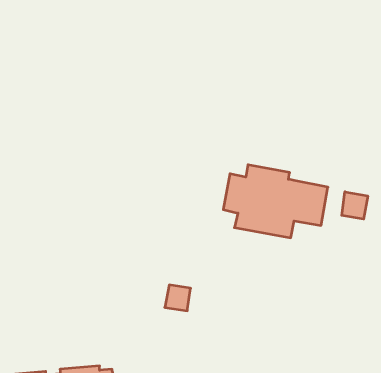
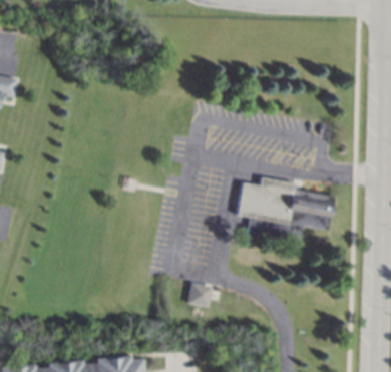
building: [342,192,368,219] -> none

